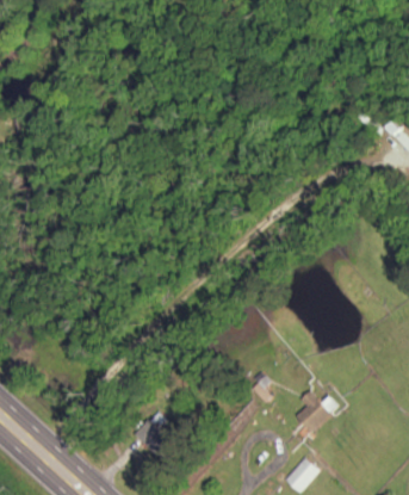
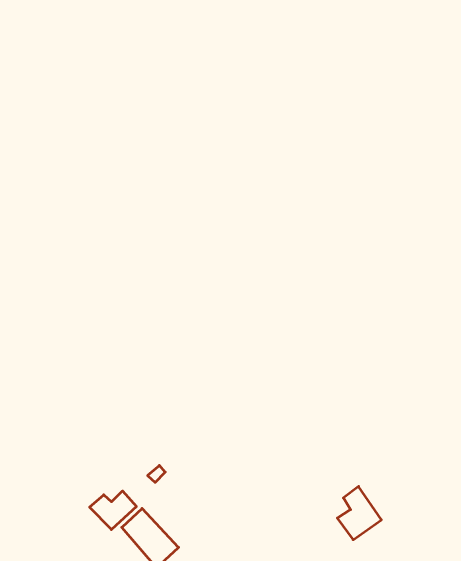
building: none -> [90,491,136,530]

